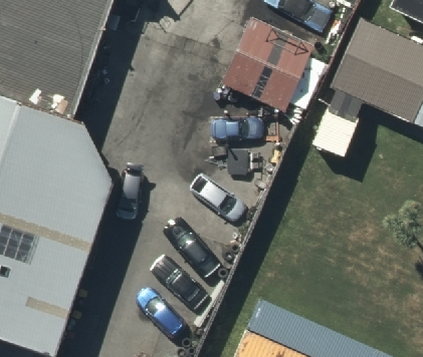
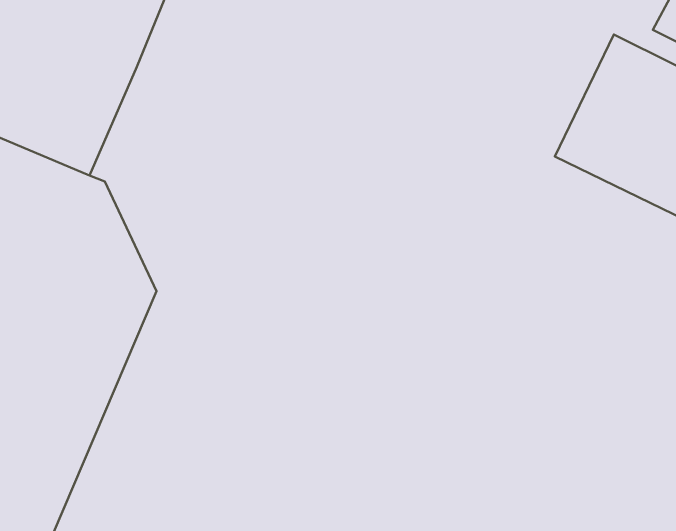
building: [220,17,325,112] -> none

